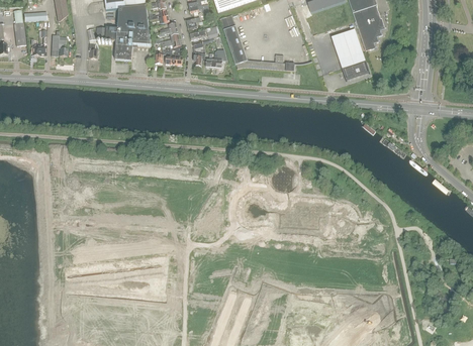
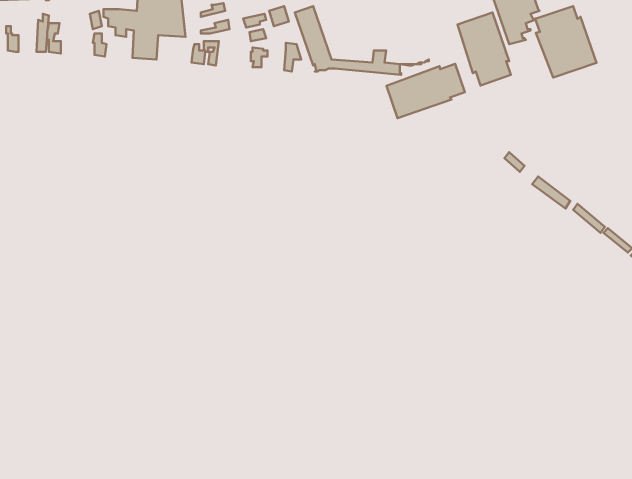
building: none -> [535,6,596,78]
building: none -> [387,64,465,118]

